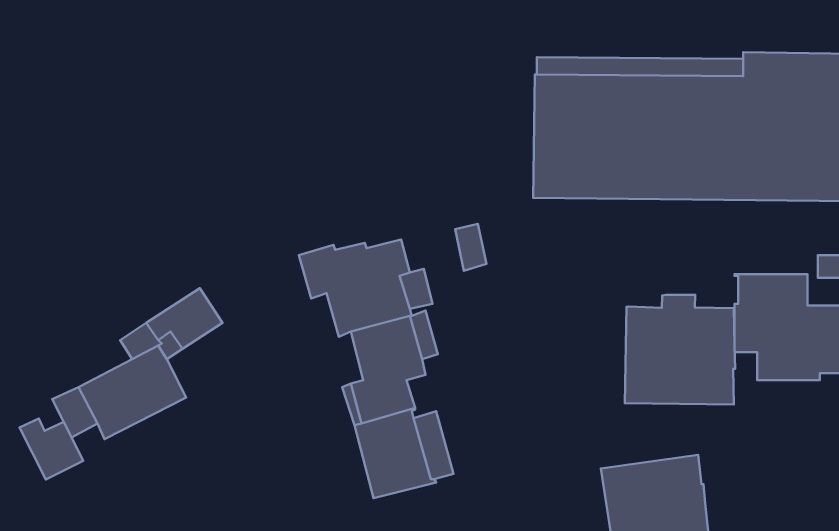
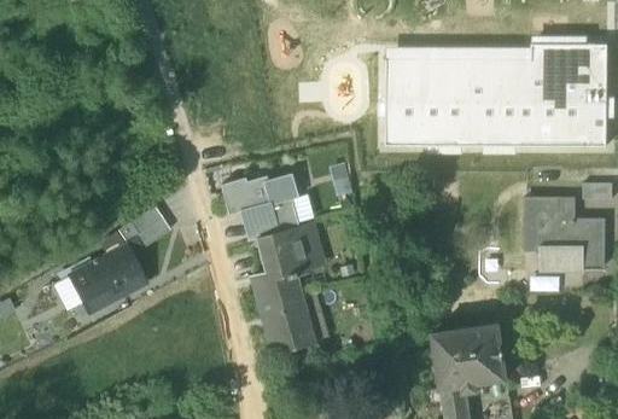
building: [625,295,735,404] -> none
building: [19,418,83,480] -> none

